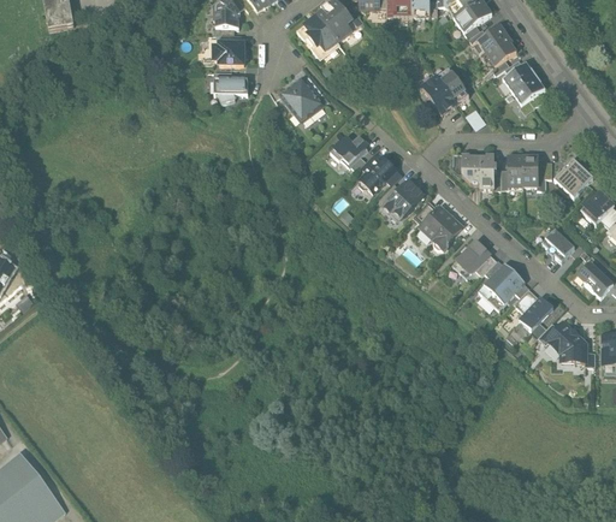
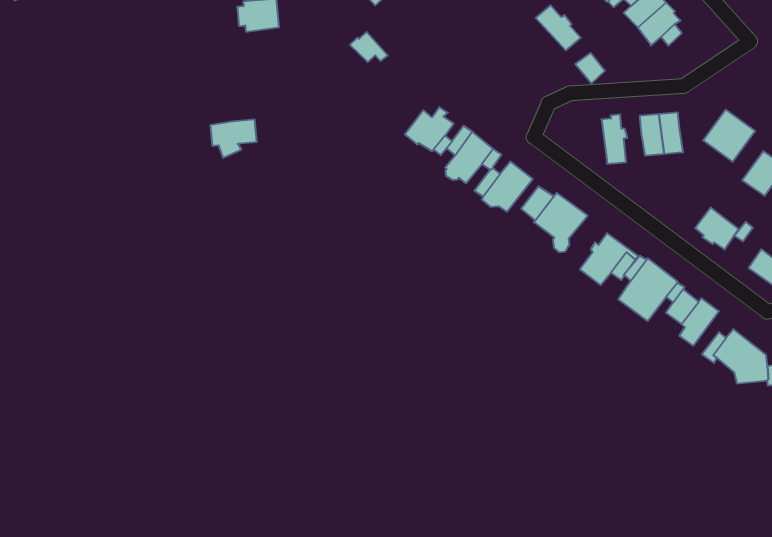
building: [422,75,457,112] -> none
building: [214,78,248,105] -> [210,119,257,158]
building: [280,82,322,115] -> none
building: [454,153,480,184] -> none

